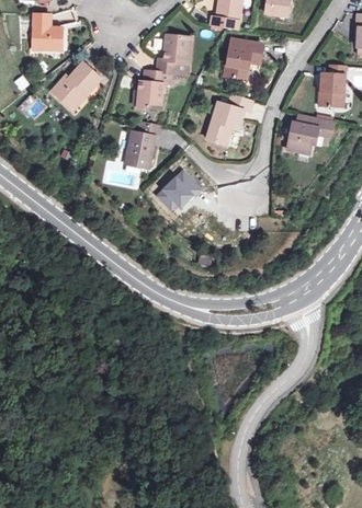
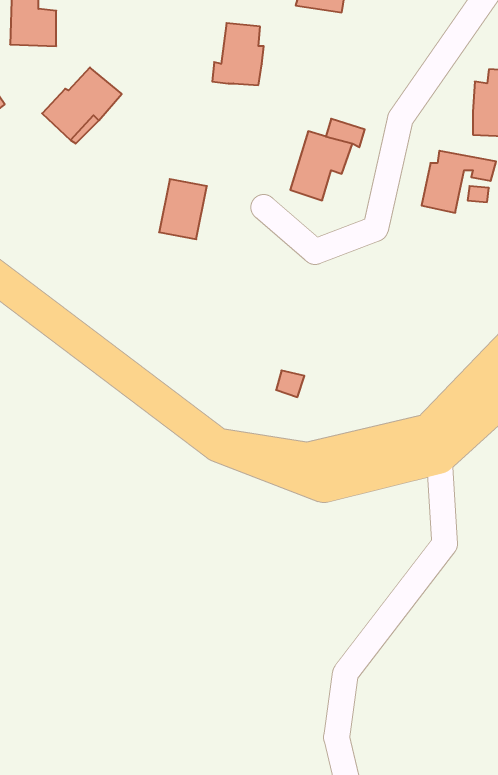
building: [227,39,263,79] -> none
building: [137,70,168,108] -> none
building: [156,169,202,210] -> none

